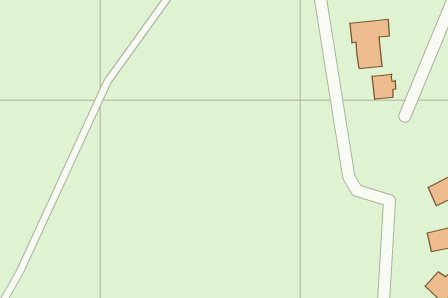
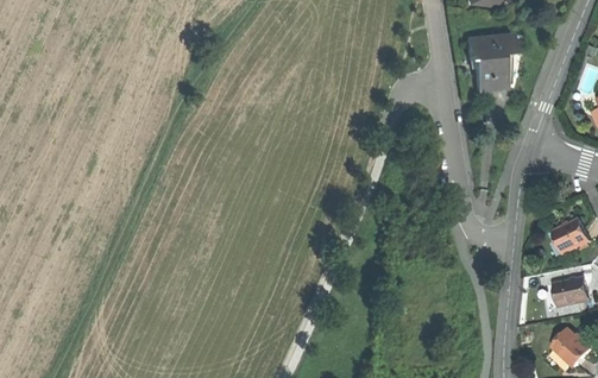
building: [372,74,396,99] -> none

